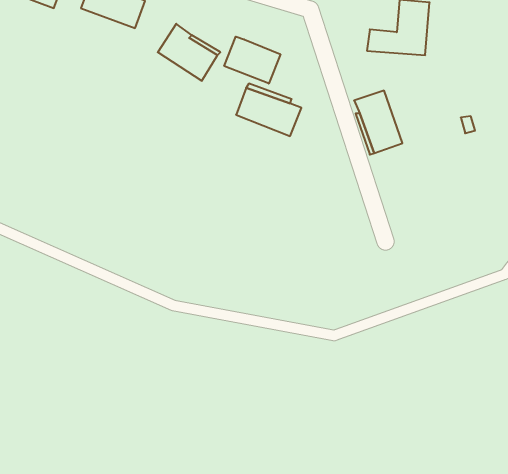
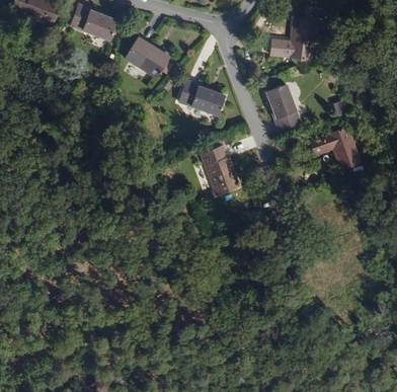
building: [224,37,280,84] -> none
building: none -> [306,128,358,171]
building: none -> [205,144,242,193]

